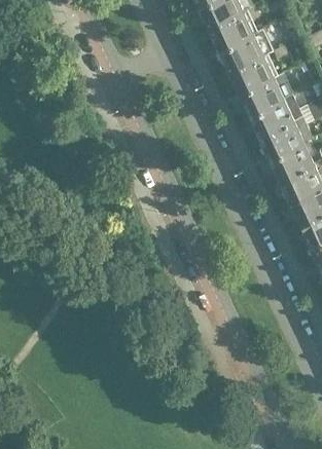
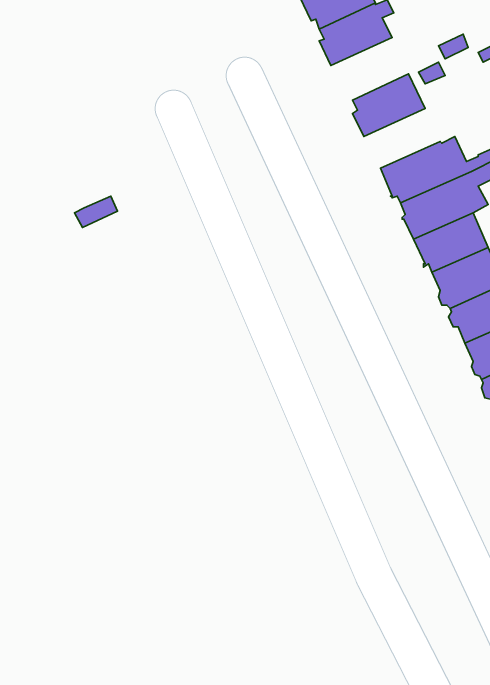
building: [214,28,267,70] -> none
building: [235,68,292,112] -> none

